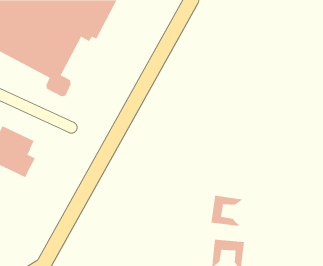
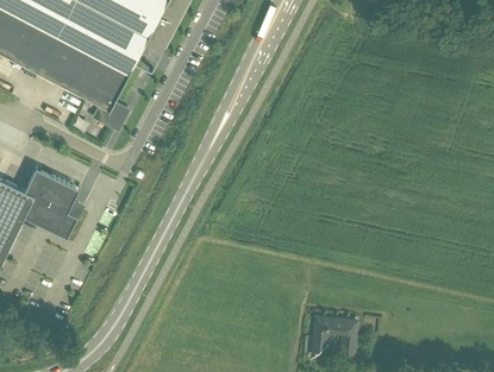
building: [211,195,244,227] -> none

